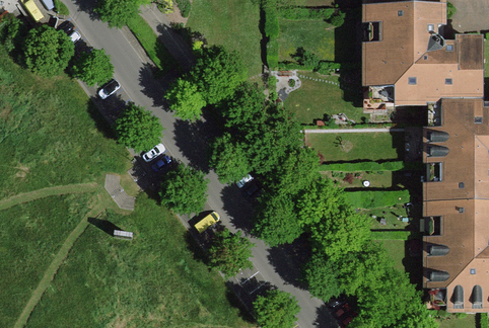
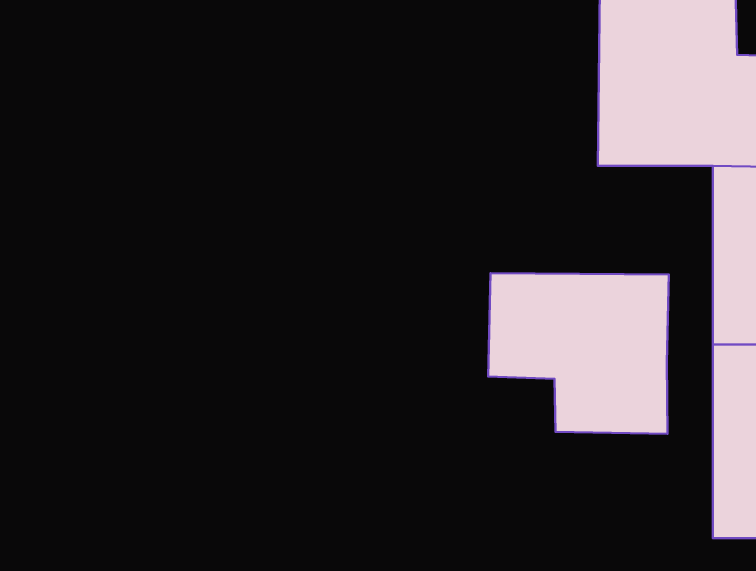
building: none -> [488,273,669,434]

